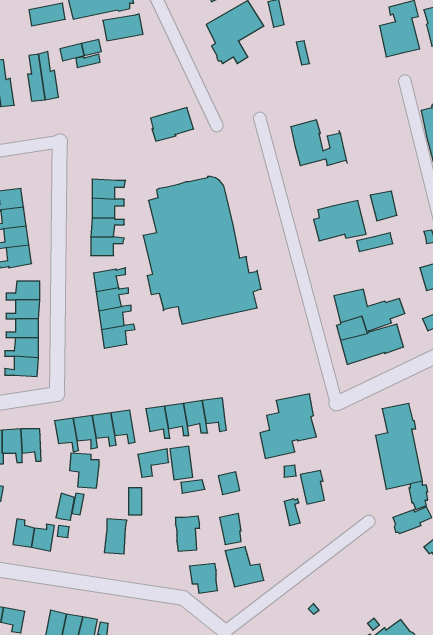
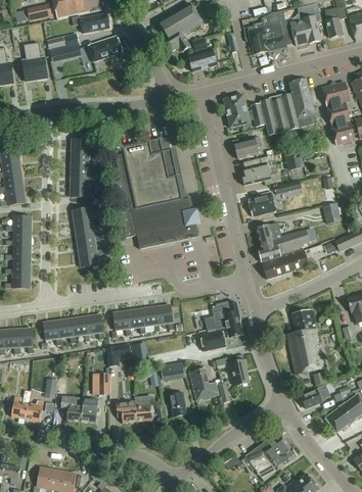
building: none -> [246,9,289,56]
building: none -> [187,37,217,70]
building: none -> [260,78,316,134]
building: [151,107,194,141] -> [89,35,122,60]
building: none -> [232,137,262,158]
building: none -> [248,190,276,215]
building: [70,453,99,488] -> [60,395,83,422]
building: [225,547,264,587] -> [188,368,218,399]
building: [189,564,218,593] -> [116,400,137,423]
building: none -> [244,436,297,480]

